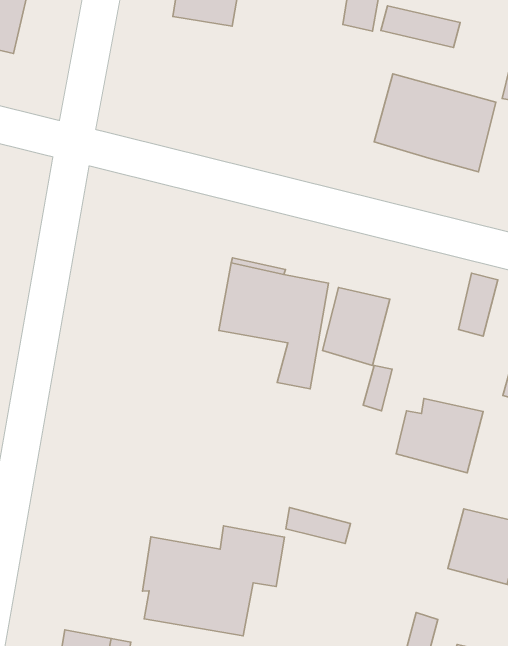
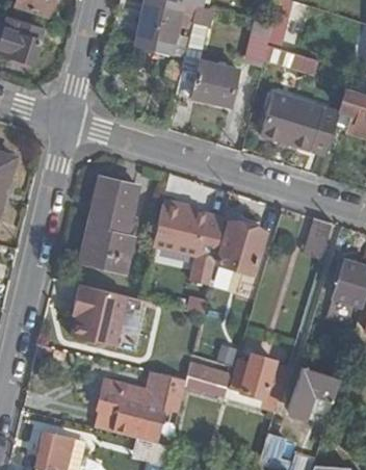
building: none -> [181,46,238,106]
building: none -> [87,182,139,275]
building: none -> [70,285,126,347]
building: [396,399,483,473] -> [232,355,289,403]

